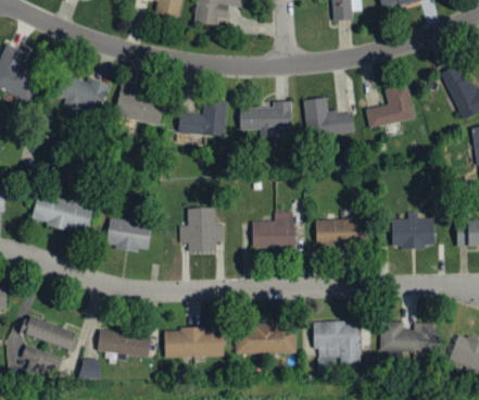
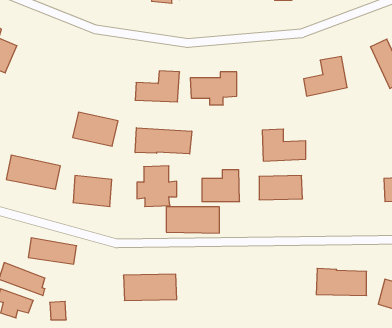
building: [59,76,109,111] -> none
building: [115,88,166,126] -> [73,112,118,146]
building: [304,98,353,134] -> [262,129,306,161]
building: none -> [135,128,192,154]
building: [391,212,434,249] -> none
building: [314,321,360,364] -> none
building: [236,325,295,354] -> [166,207,219,233]
building: [97,328,151,358] -> [28,238,77,264]

